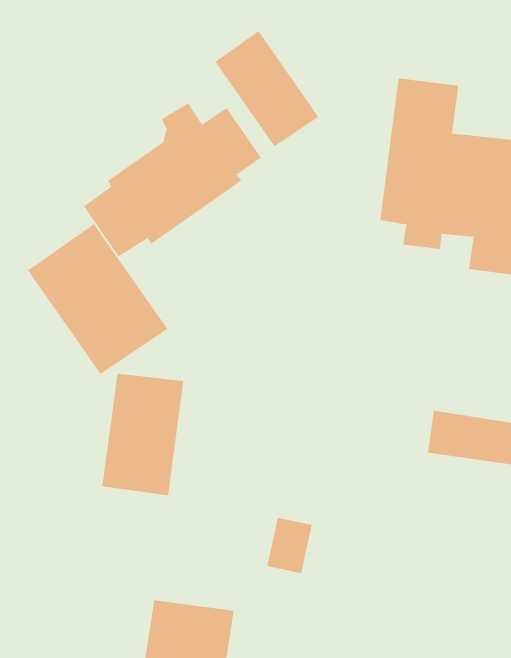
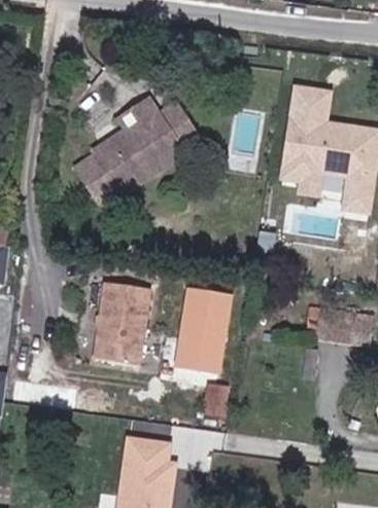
building: [214,30,319,147] -> none
building: [27,223,168,375] -> none
building: none -> [174,287,232,375]

